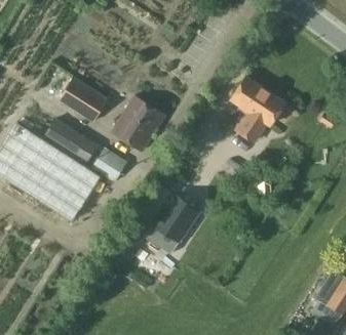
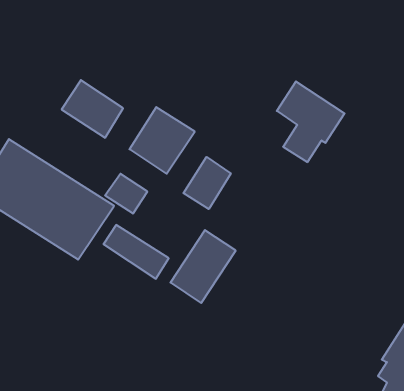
building: [46,121,99,164] -> [103,225,169,279]
building: none -> [183,157,231,209]

